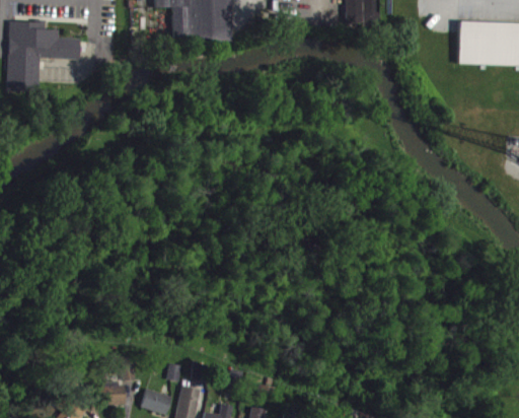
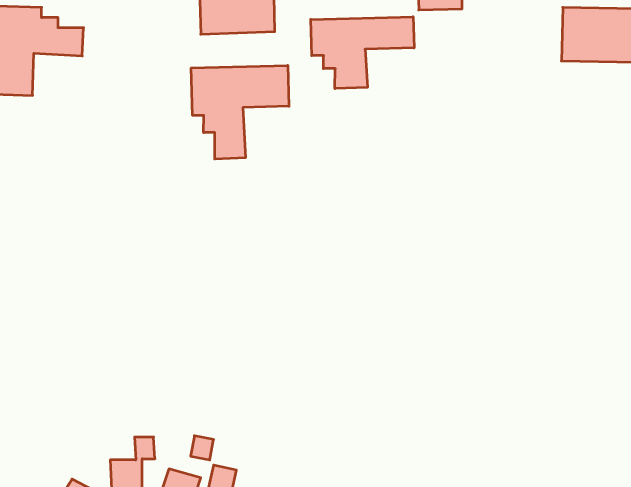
building: none -> [311,17,414,89]
building: none -> [191,65,289,159]

